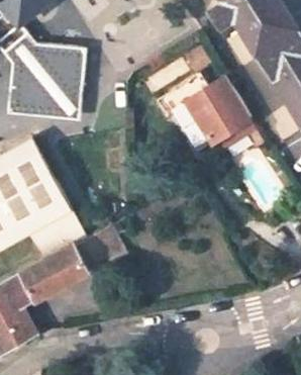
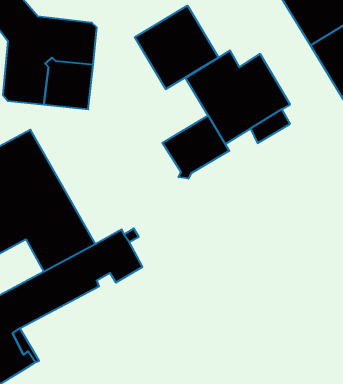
building: none -> [135,6,218,89]
building: none -> [162,116,229,179]

